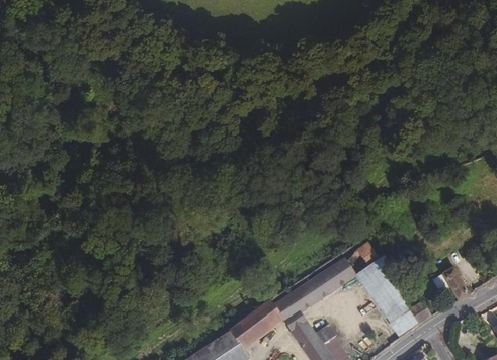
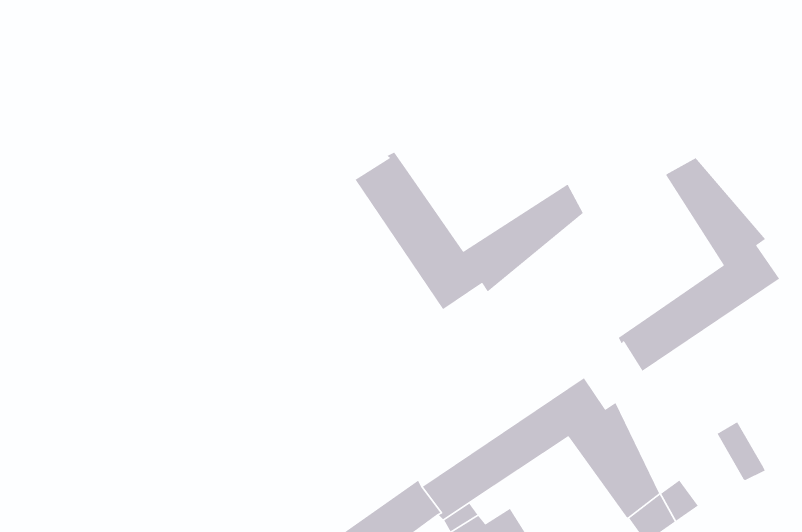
building: none -> [355,151,584,310]
building: none -> [618,157,780,372]

